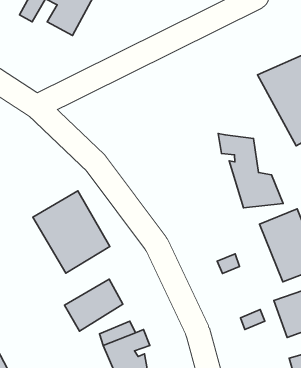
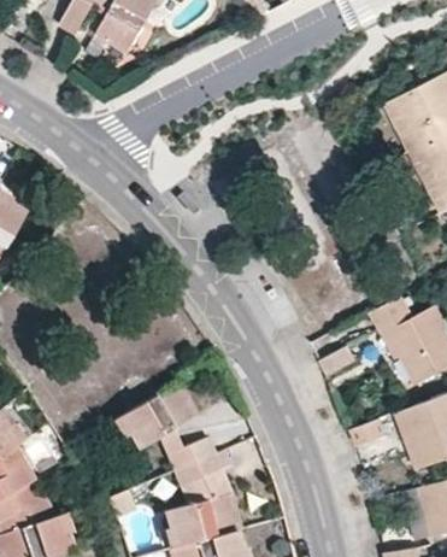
building: [218,133,283,208] -> none
building: [33,191,110,273] -> none

